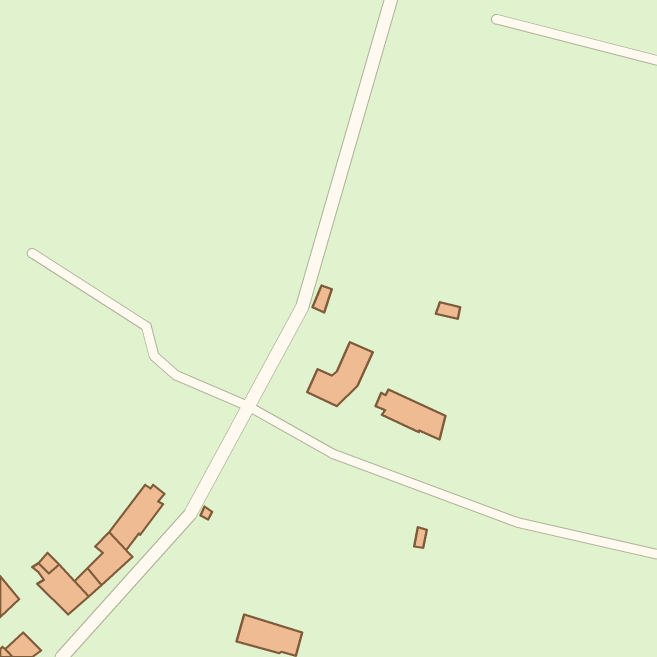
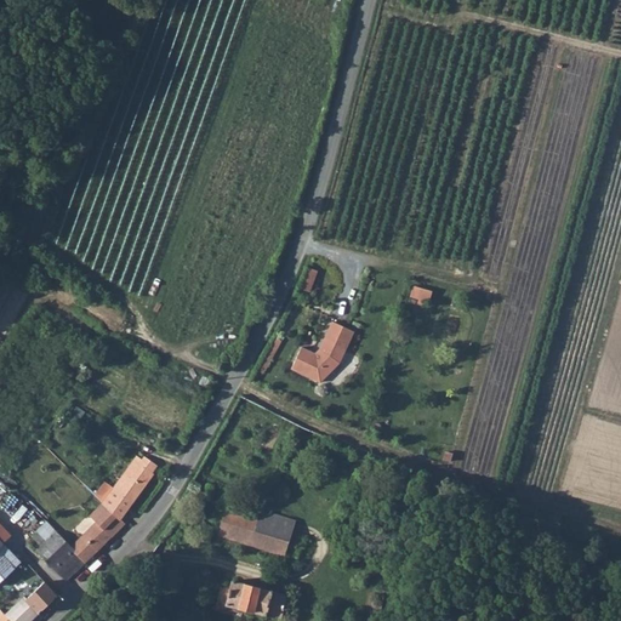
building: [375,389,445,440] -> none
building: none -> [218,507,297,554]
building: none -> [22,582,57,614]

